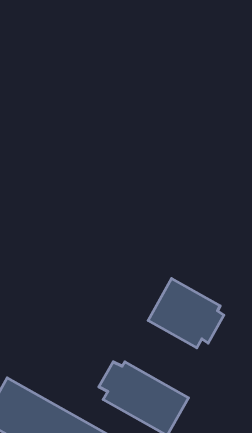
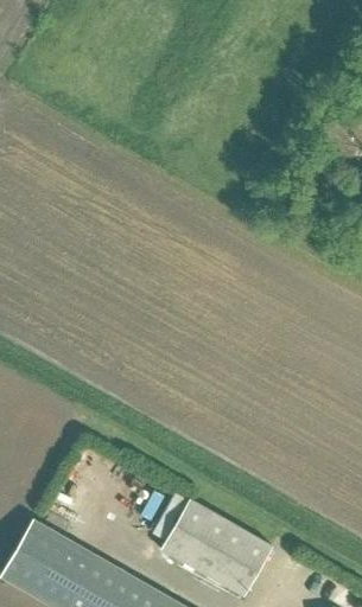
building: [148,278,224,348] -> none

